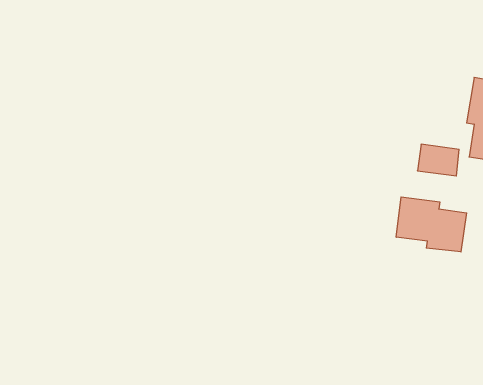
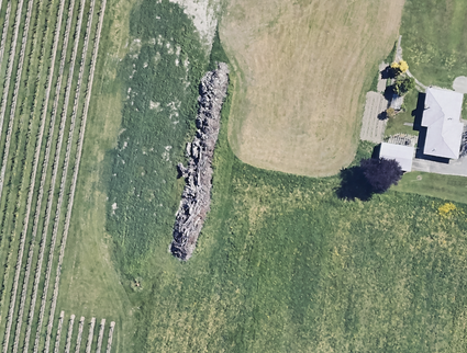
building: [396,197,467,252] -> none

